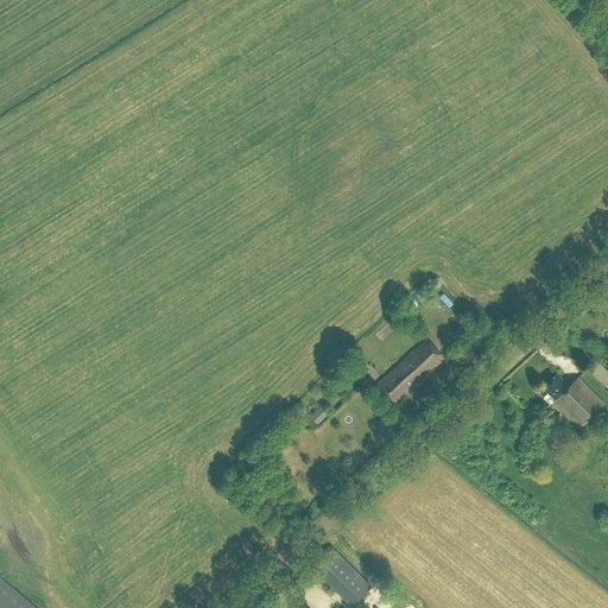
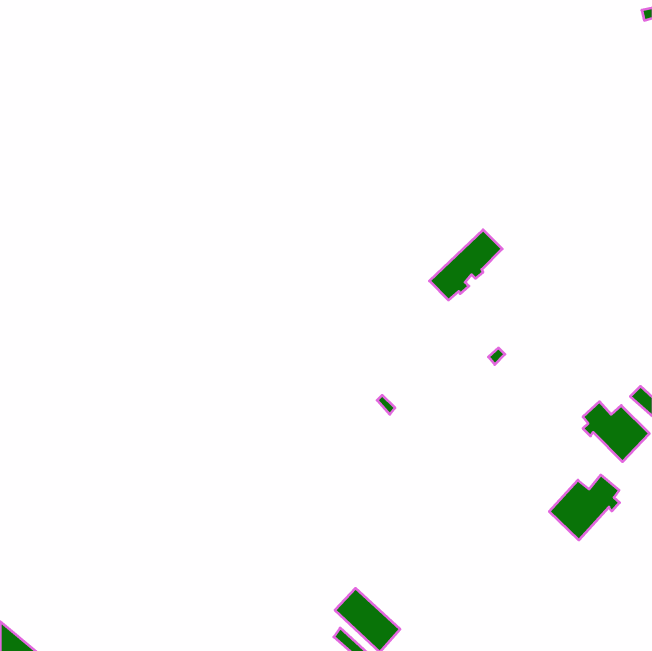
building: [375,341,443,406] -> [429,230,502,300]
building: none -> [549,475,620,540]

